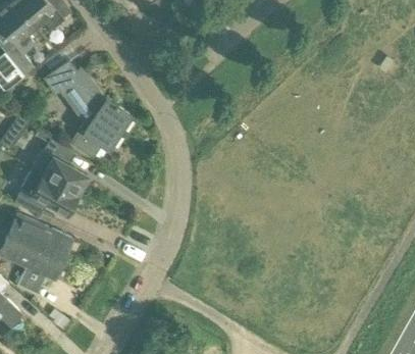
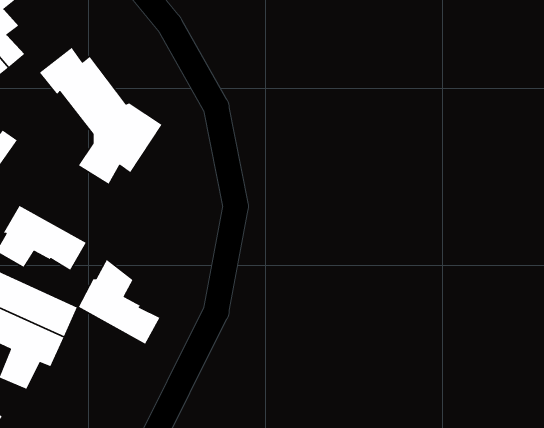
building: [32,136,88,194] -> [78,259,161,345]

